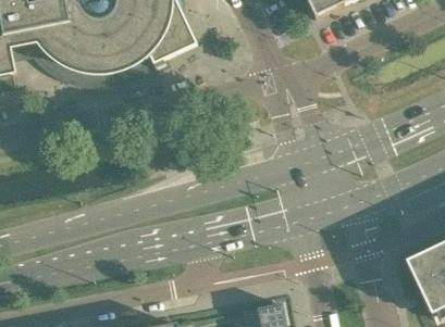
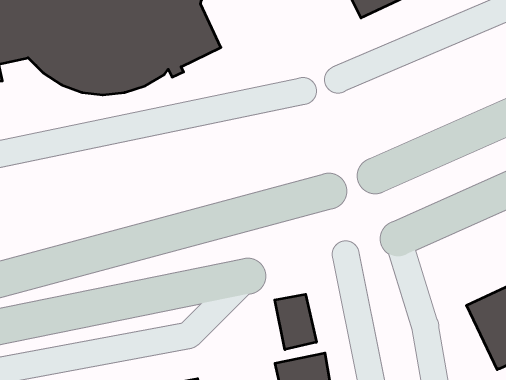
building: none -> [275,294,316,350]

